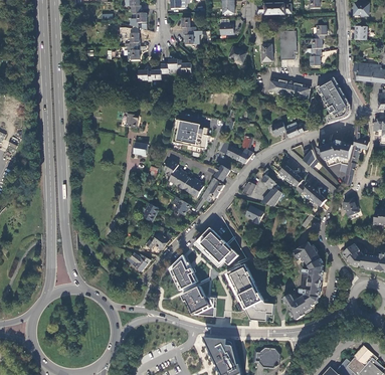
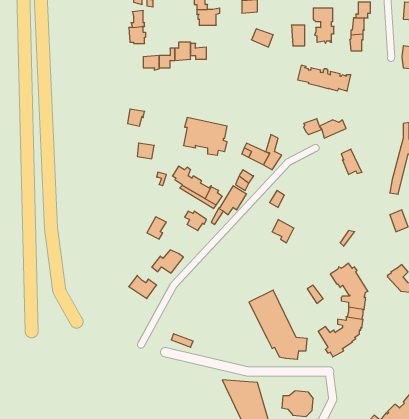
building: [315,77,349,123] -> none
building: [317,140,351,172] -> none
building: [276,165,325,206] -> none
building: [256,170,282,205] -> none
building: [194,227,237,267] -> none
building: [168,254,197,290] -> none
building: [182,287,216,317] -> none

